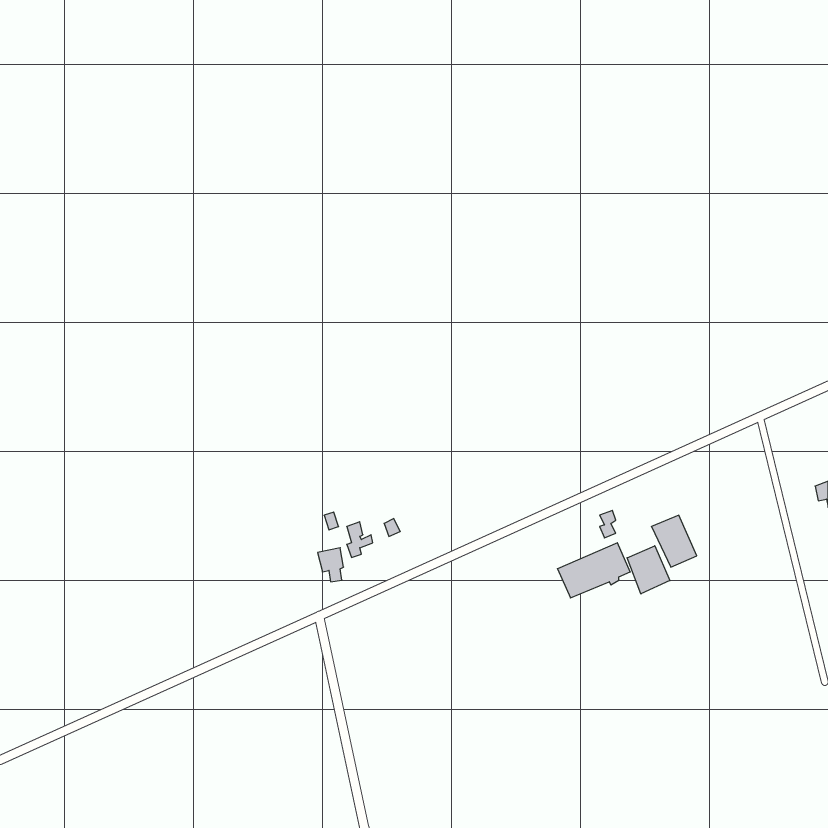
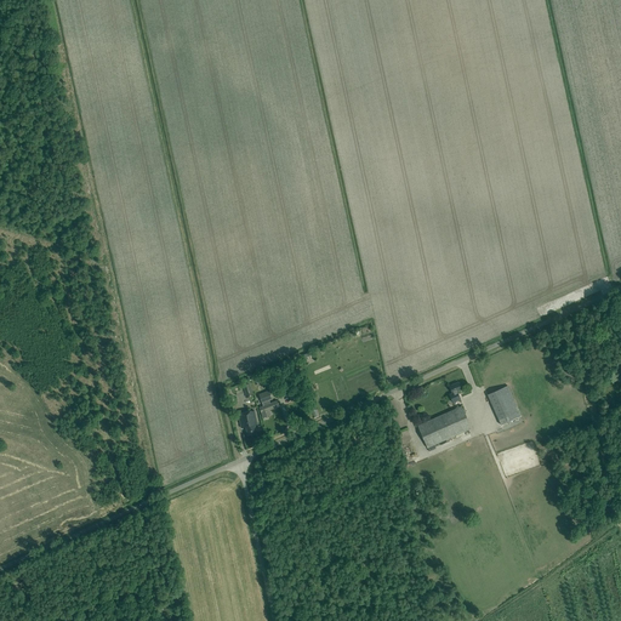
building: [627,546,670,594] -> none

